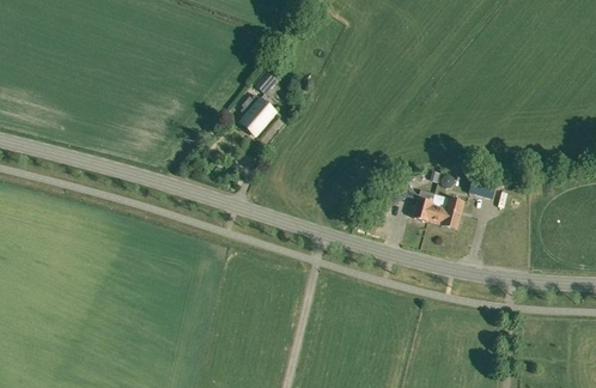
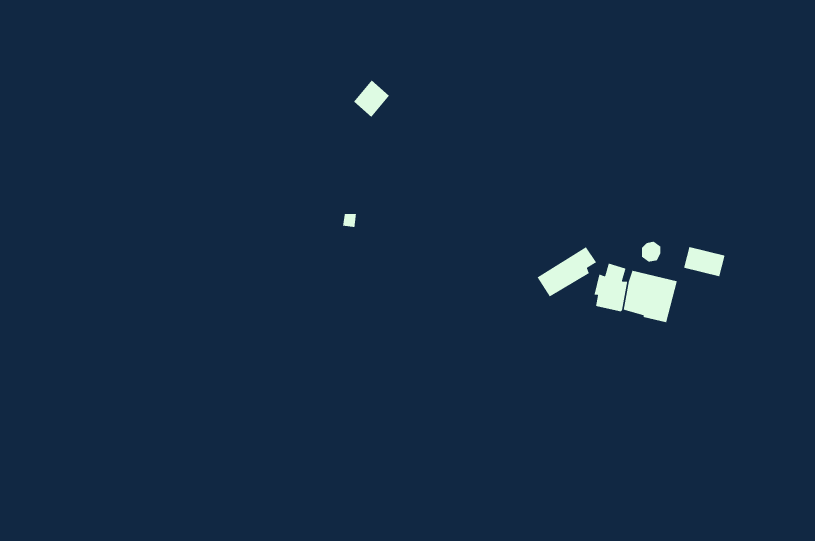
building: [239,99,274,135] -> none

